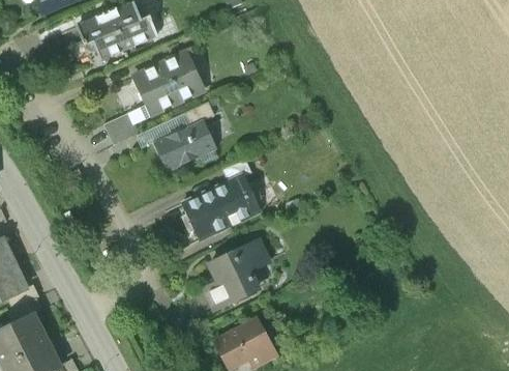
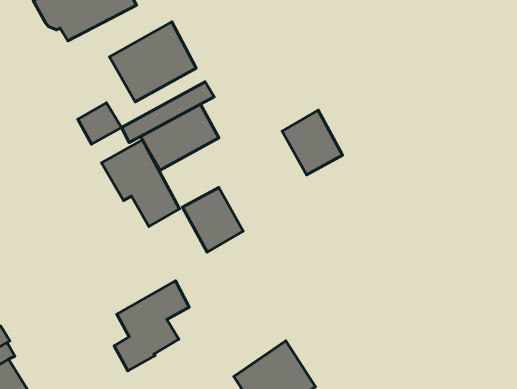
building: none -> [101,140,180,226]
building: [212,174,259,225] -> [282,110,343,175]
building: [204,239,266,308] -> [114,281,189,371]

